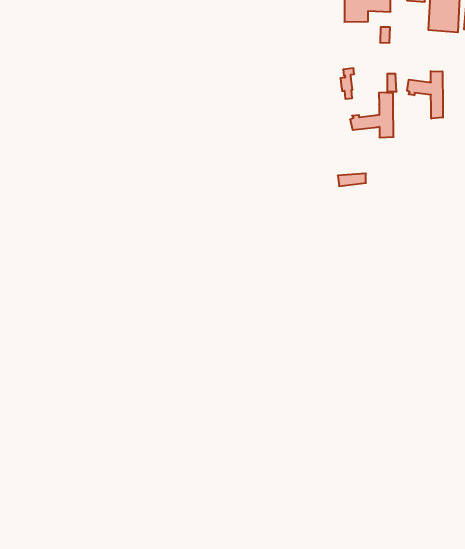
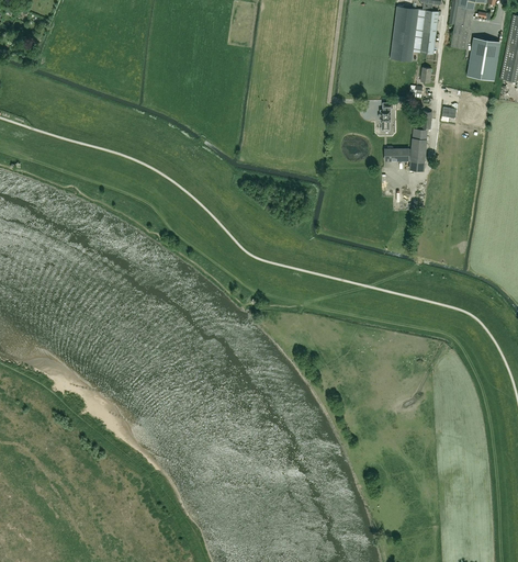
building: [407,71,443,119] -> none

